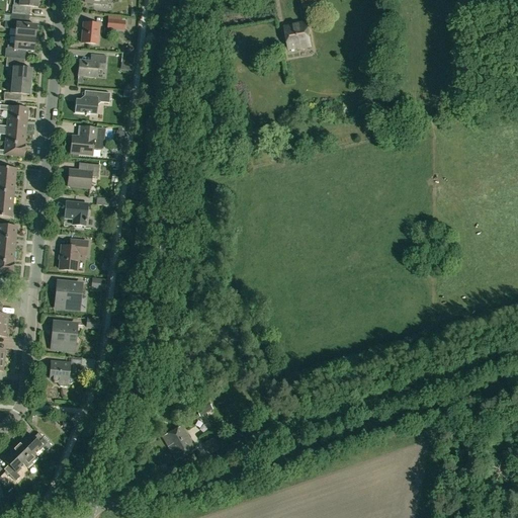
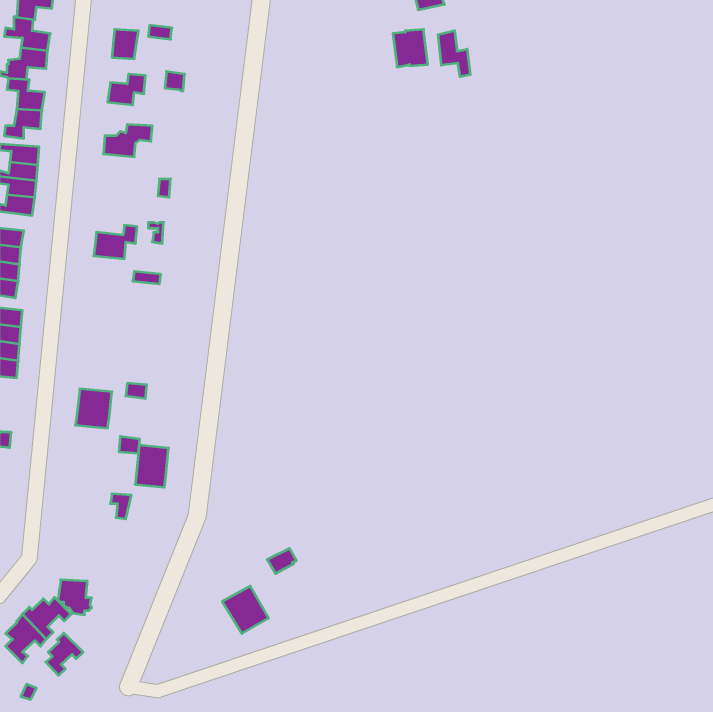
building: none -> [438,31,470,77]
building: [71,125,104,153] -> none
building: [65,201,88,225] -> none
building: [60,239,87,270] -> none
building: [52,321,76,351] -> [135,445,169,487]
building: [48,360,72,385] -> [58,580,92,615]
building: none -> [46,633,83,675]

